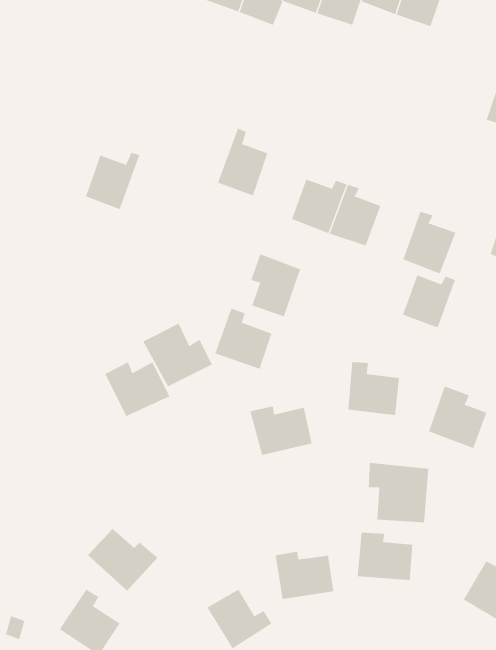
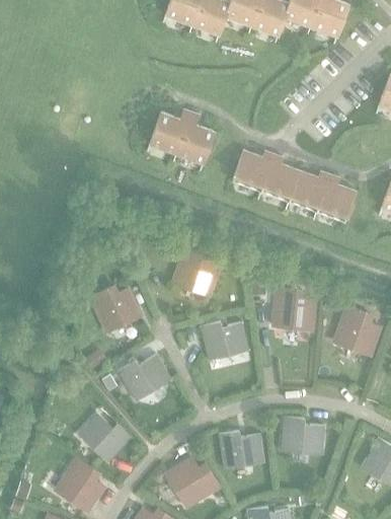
building: [85,152,140,210] -> [150,109,191,153]
building: [251,254,301,317] -> none
building: [402,274,456,328] -> [289,170,329,211]
building: [143,323,212,387] -> none
building: none -> [119,354,171,399]
building: [368,462,429,523] -> none

